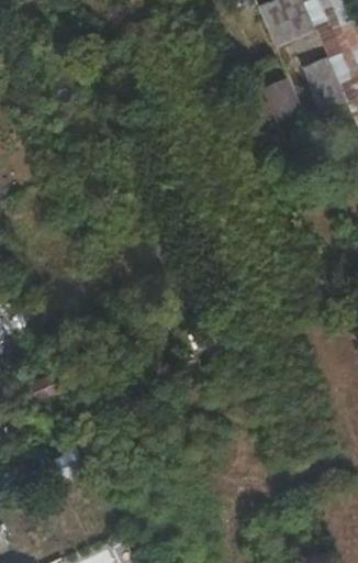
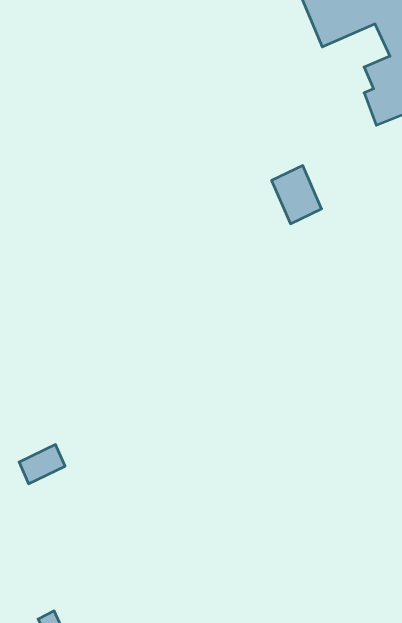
building: [257,76,298,123] -> [272,166,322,224]

